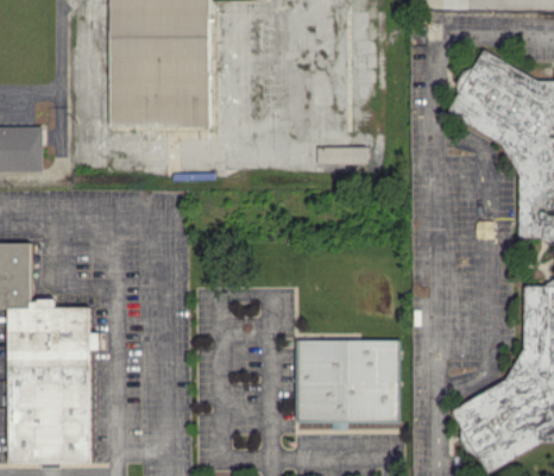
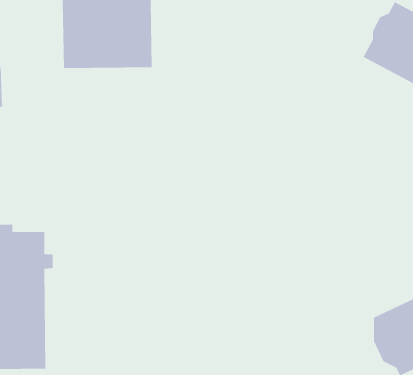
building: [317,146,366,165] -> none
building: [298,340,402,430] -> none

